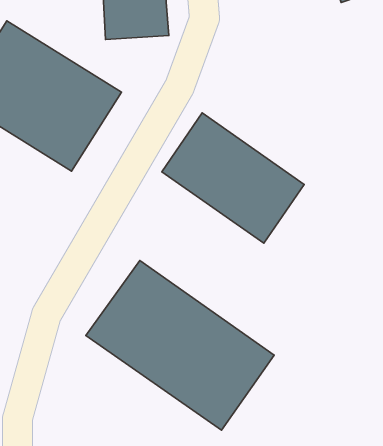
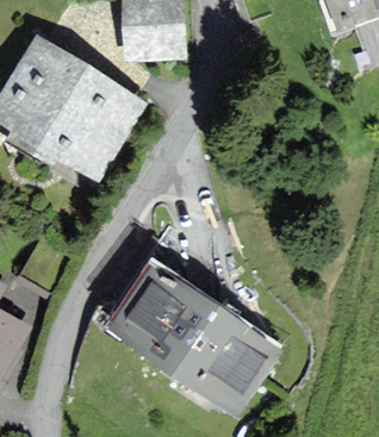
building: [162,113,304,243] -> none

